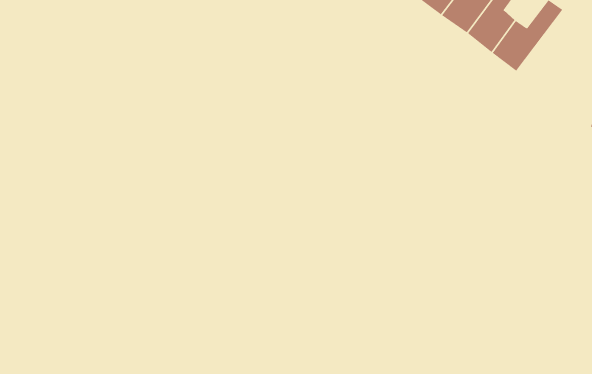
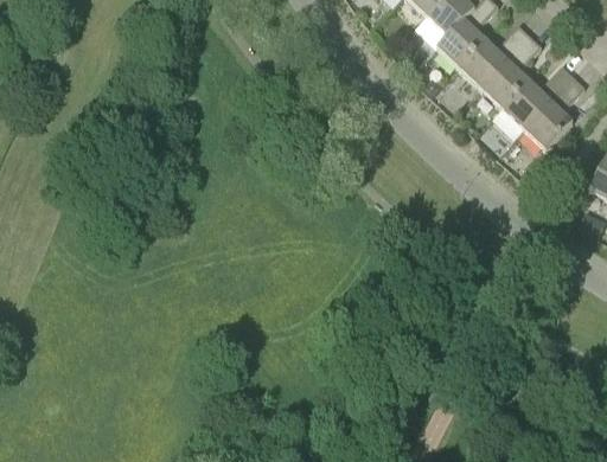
building: none -> [524,76,586,149]

